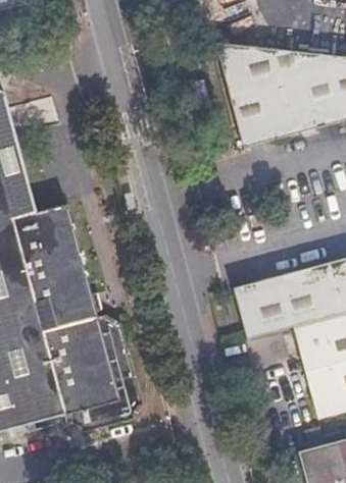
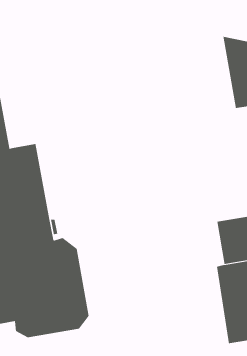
building: [217,44,300,150] -> none
building: [236,273,302,338] -> none

